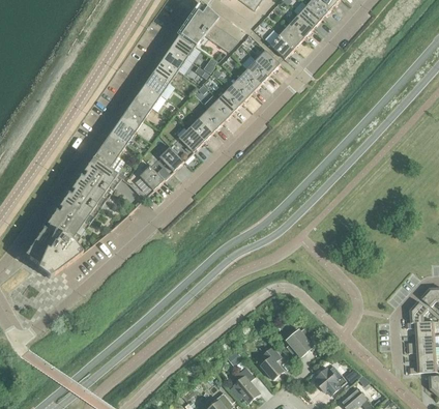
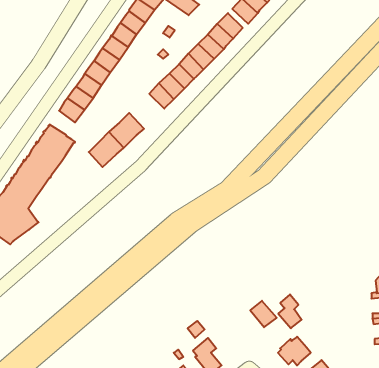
building: [169,128,203,163] -> none
building: [91,145,121,173] -> none
building: [260,347,283,380] -> [278,294,302,328]

